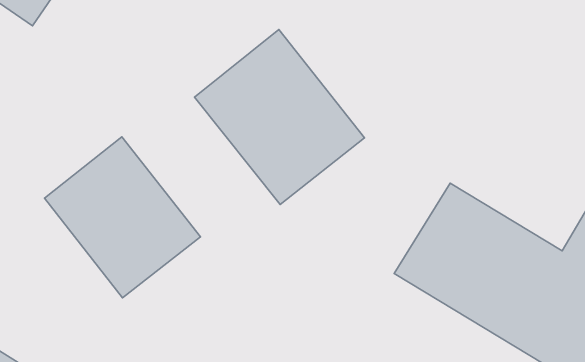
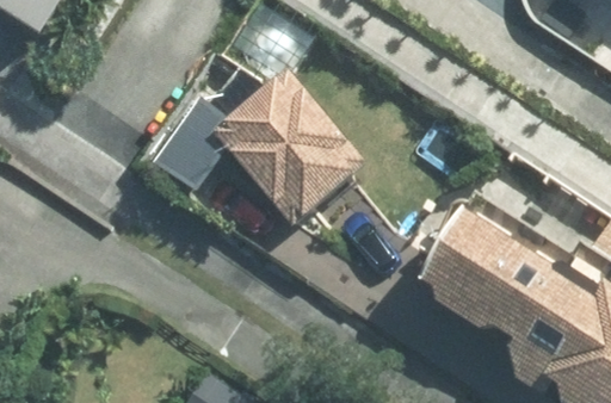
building: [45,137,201,298] -> none

